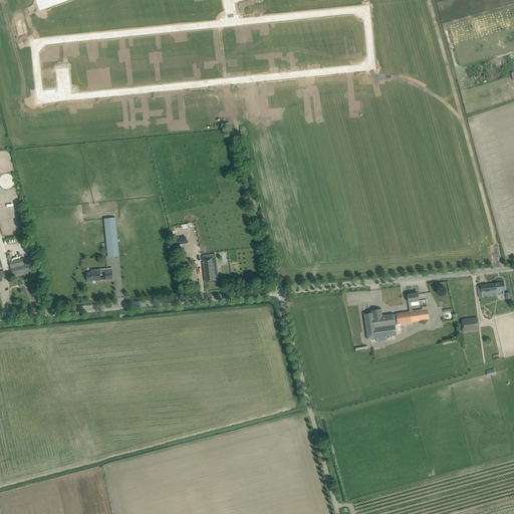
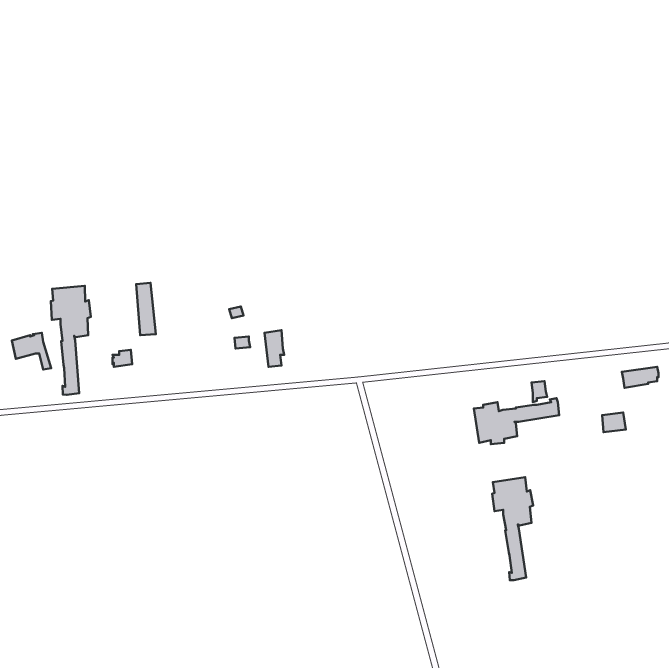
building: none -> [51,286,91,395]
building: none -> [492,477,533,580]

